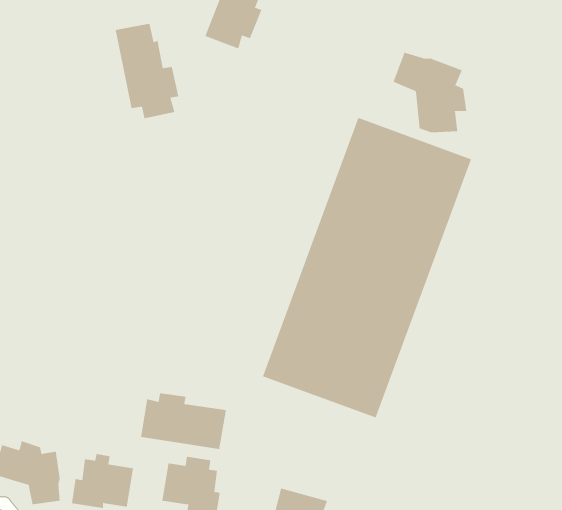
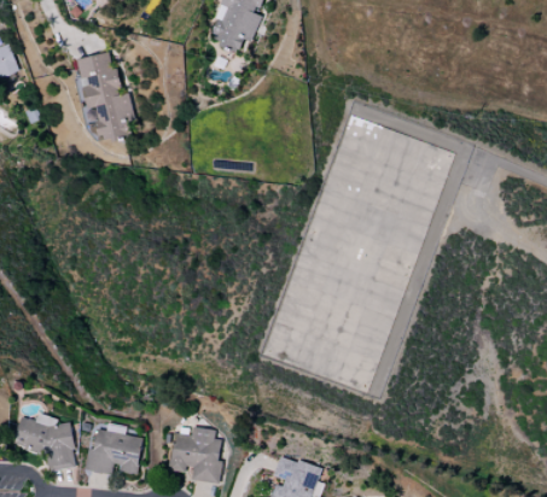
building: [115,23,179,119] -> [75,53,134,141]
building: [393,52,467,133] -> none
building: [141,393,227,450] -> none

